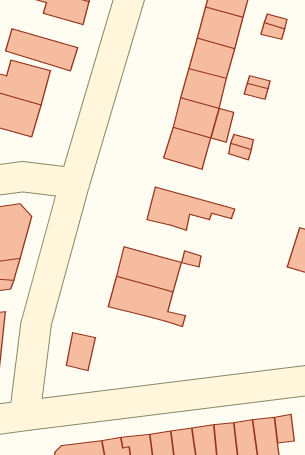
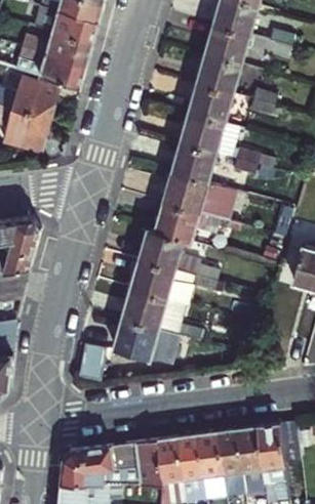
building: none -> [22,31,91,65]
building: none -> [162,172,236,219]
building: none -> [131,228,176,269]
building: none -> [109,318,189,356]

